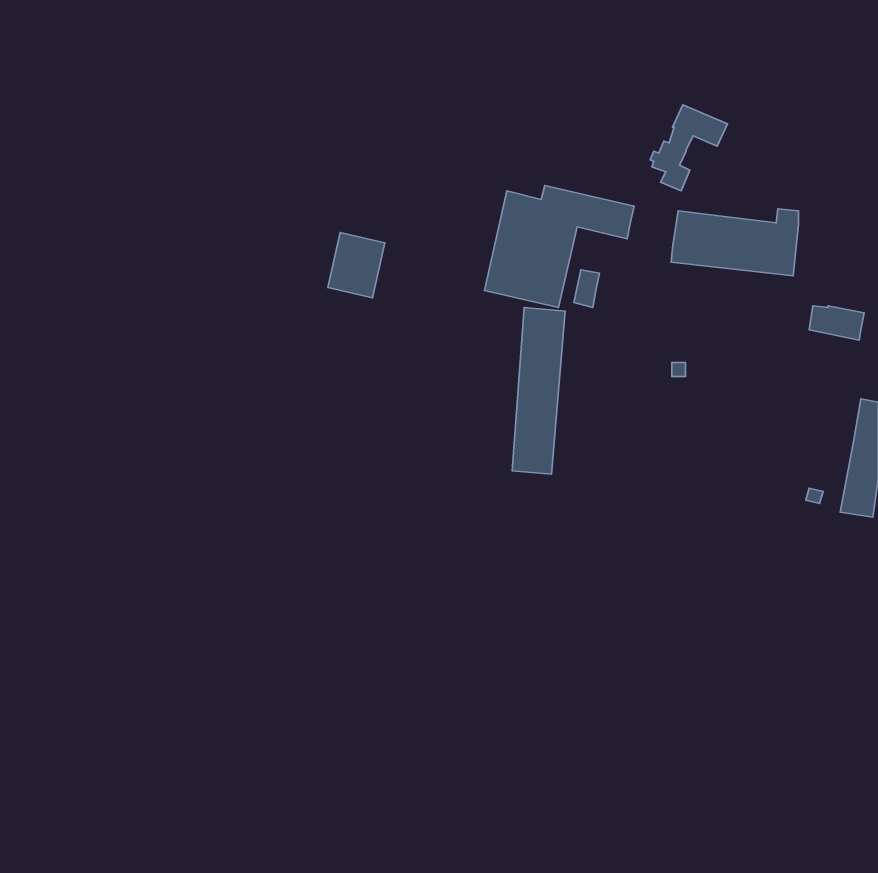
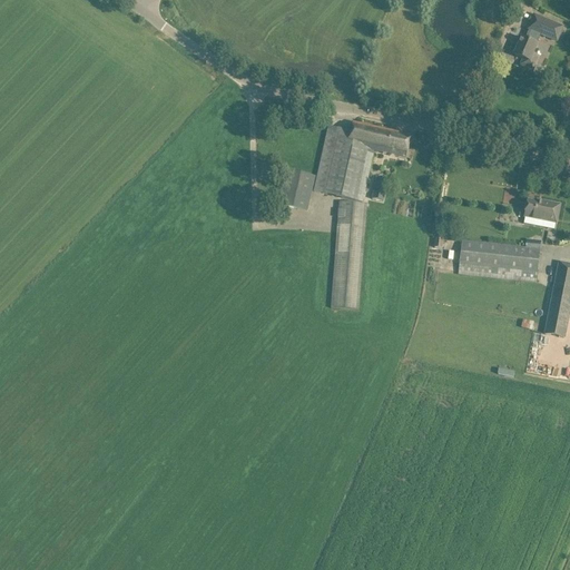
building: [650,105,728,191] -> [513,12,563,68]
building: [671,209,798,276] -> [458,237,540,281]
building: [328,232,385,298] -> [278,167,315,209]

